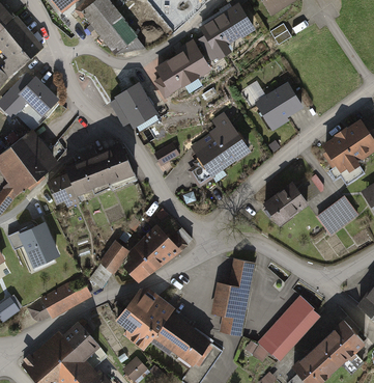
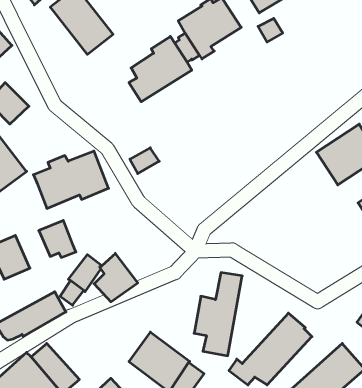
building: [253,82,301,130] -> none
building: [109,83,156,130] -> none
building: [186,111,249,185] -> none
building: [44,173,78,208] -> [39,220,76,257]
building: [261,181,309,226] -> none
building: [316,194,358,235] -> none
building: [139,224,185,266] -> none
building: [113,286,174,350] -> none

